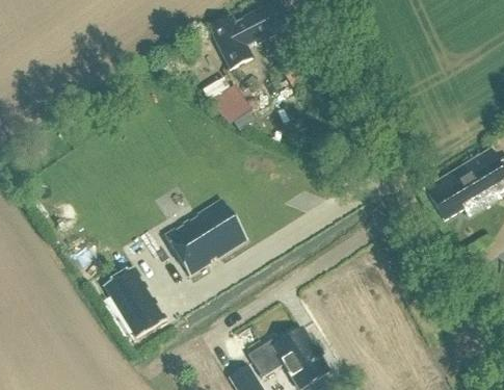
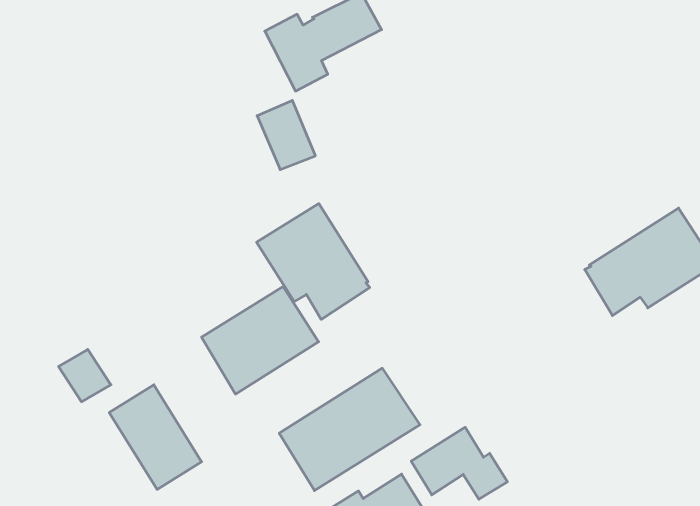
building: none -> [257,204,370,319]
building: none -> [279,368,420,491]
building: none -> [411,427,507,499]

